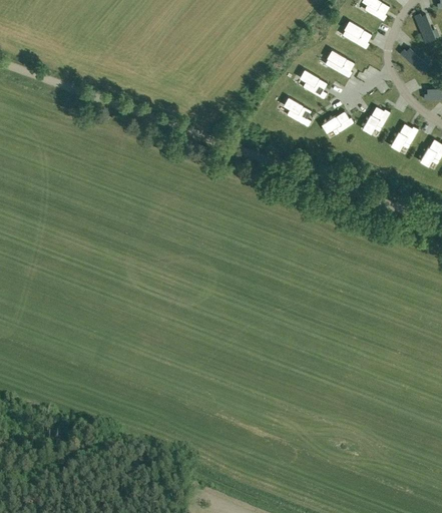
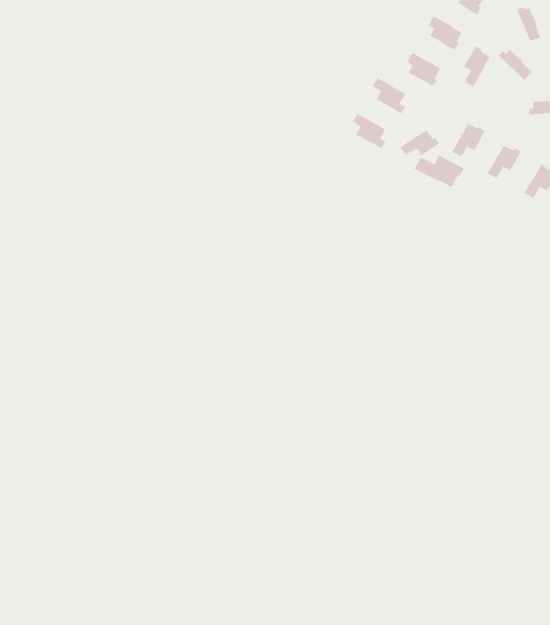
building: none -> [463,44,491,88]
building: none -> [413,154,467,188]

